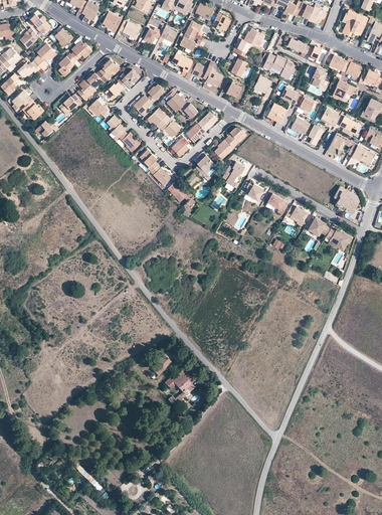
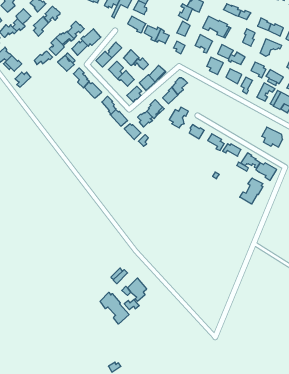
building: none -> [240,178,263,204]
building: none -> [100,292,129,324]

